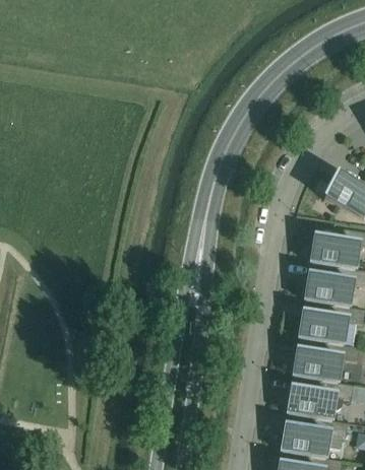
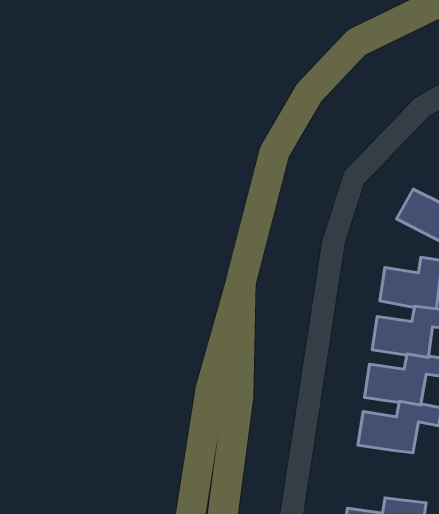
building: [287,380,353,419] -> none

